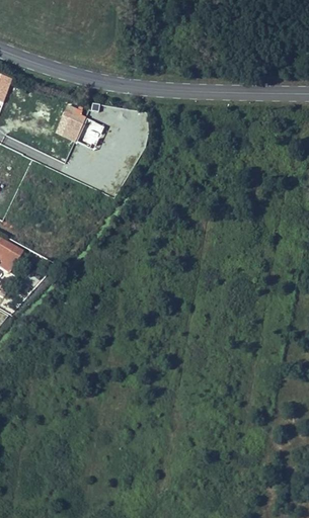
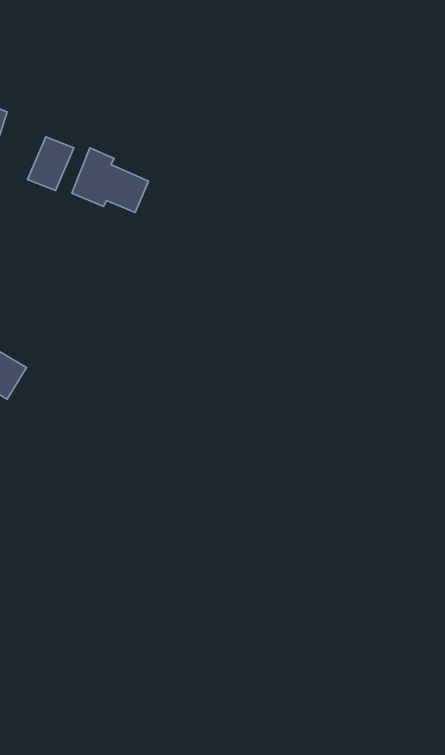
building: none -> [28,137,74,190]

